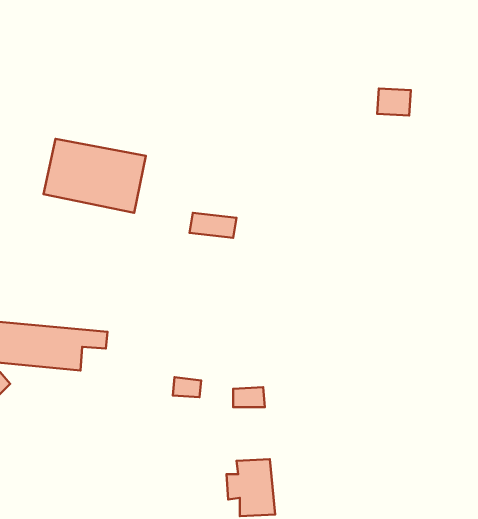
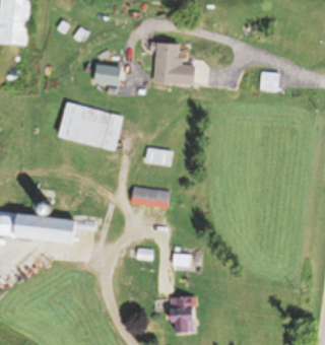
building: none -> [148,42,196,82]
building: none -> [93,65,118,85]
building: none -> [132,187,169,208]

